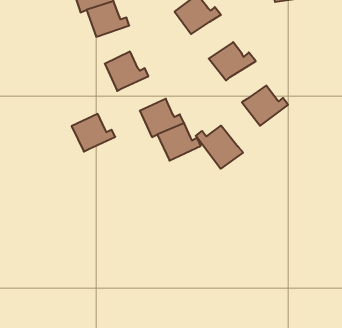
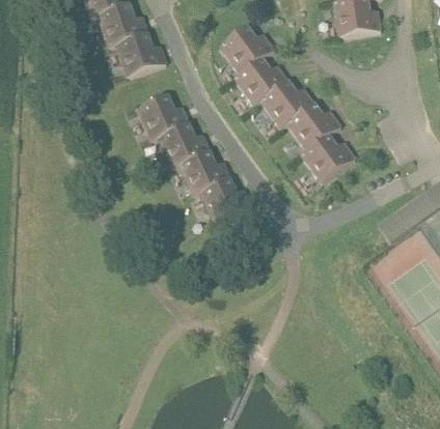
building: none -> [233,58,290,105]
building: none -> [286,105,340,149]
building: [72,114,115,152] -> [158,122,210,167]
building: [196,126,243,169] -> none

